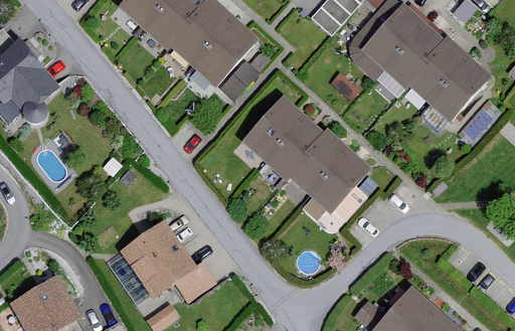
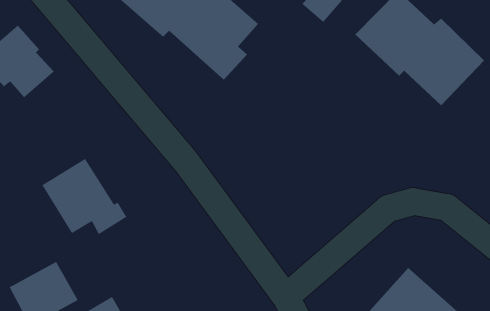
building: [242,96,372,214] -> none
building: [123,222,209,300] -> [42,158,127,235]

